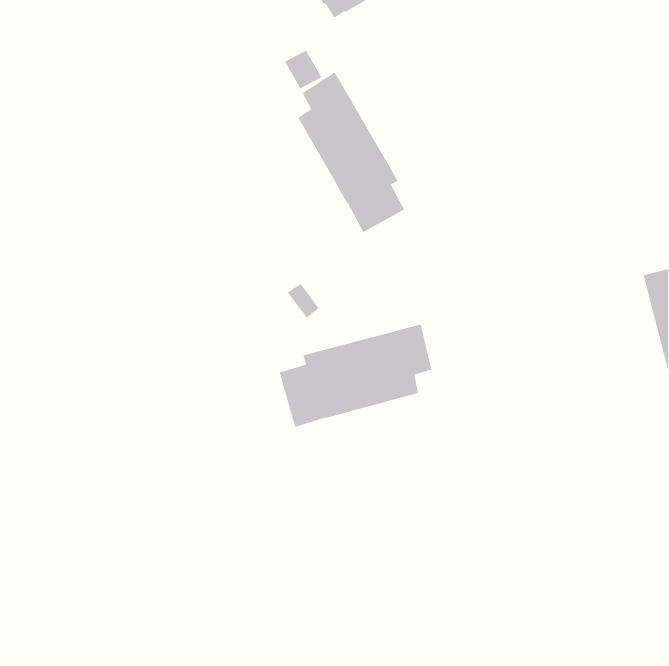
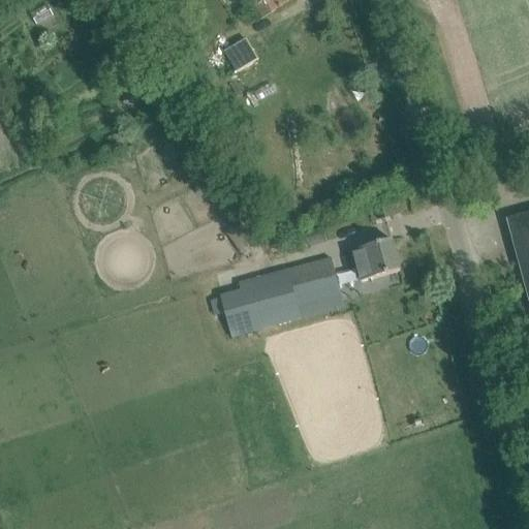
building: [297,72,405,233] -> none
building: none -> [352,238,401,279]

